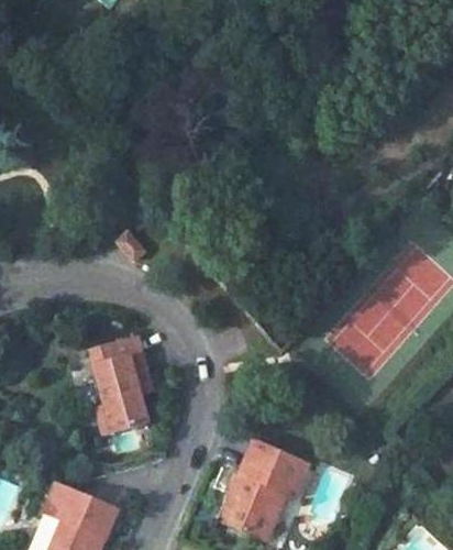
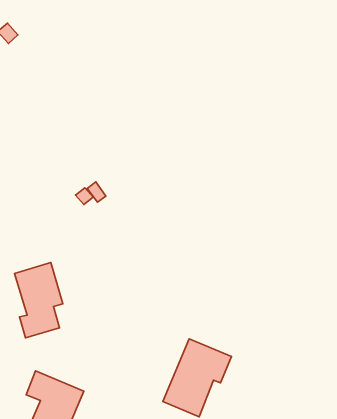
building: [89,336,152,433] -> [15,262,63,338]

